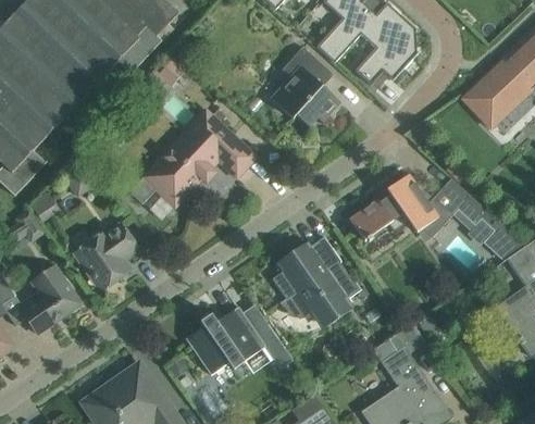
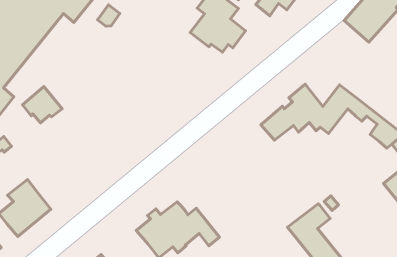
building: [129,110,256,207] -> none
building: [75,225,137,290] -> none
building: [272,236,361,329] -> none

